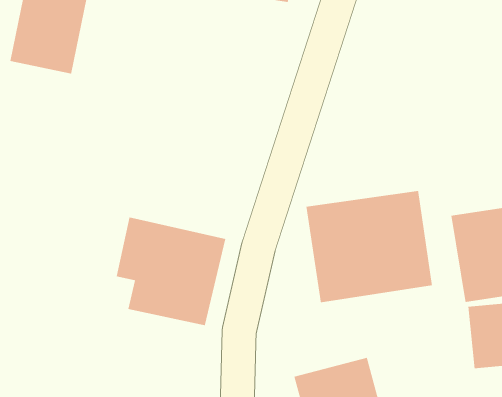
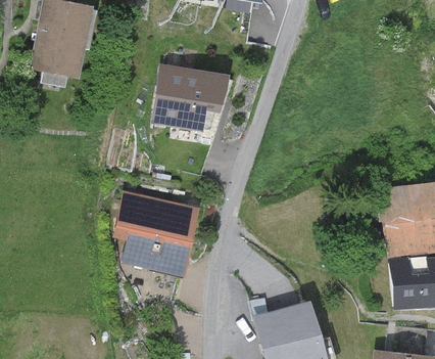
building: none -> [151,63,230,131]
building: [306,190,433,303] -> none

